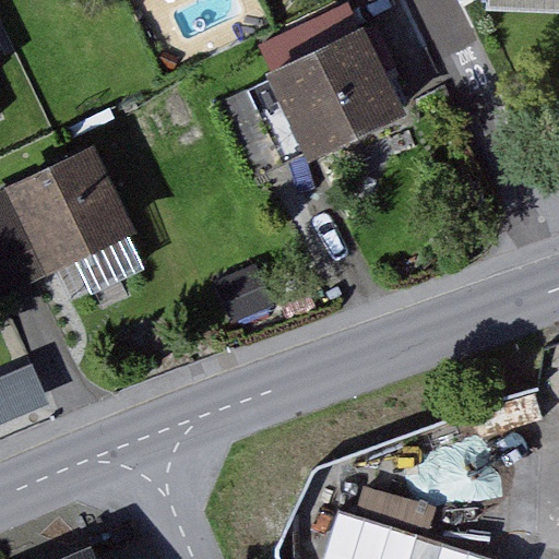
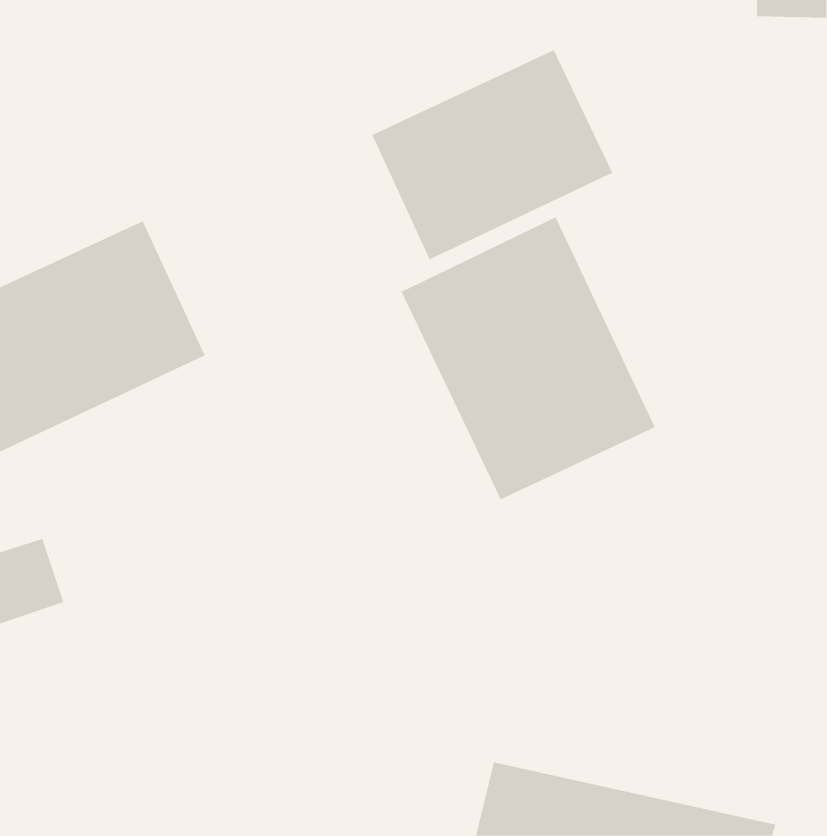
building: none -> [401,216,656,500]

